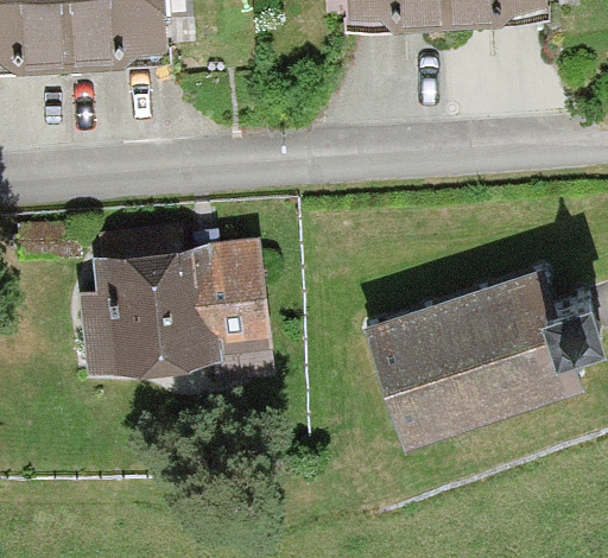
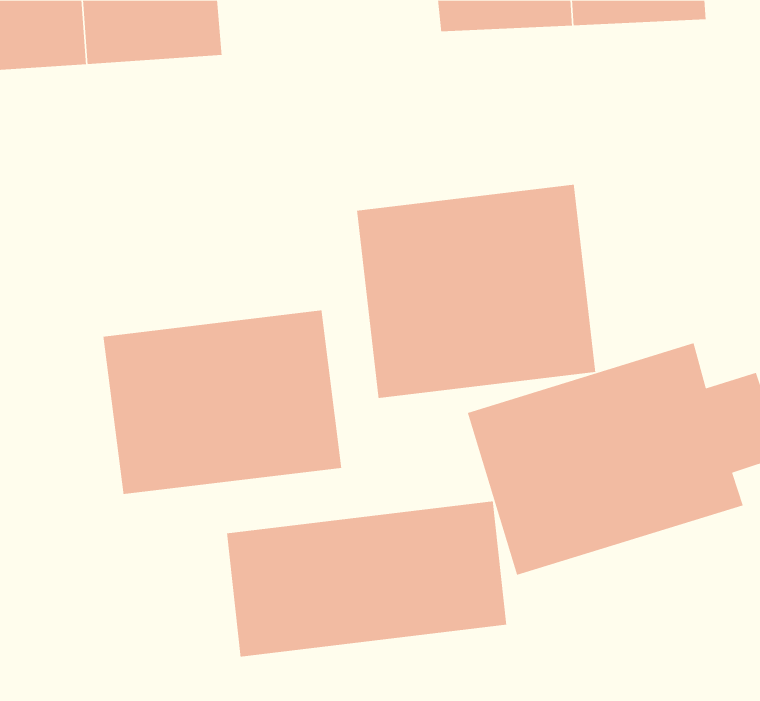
building: none -> [356,184,596,399]
building: none -> [226,500,507,657]

